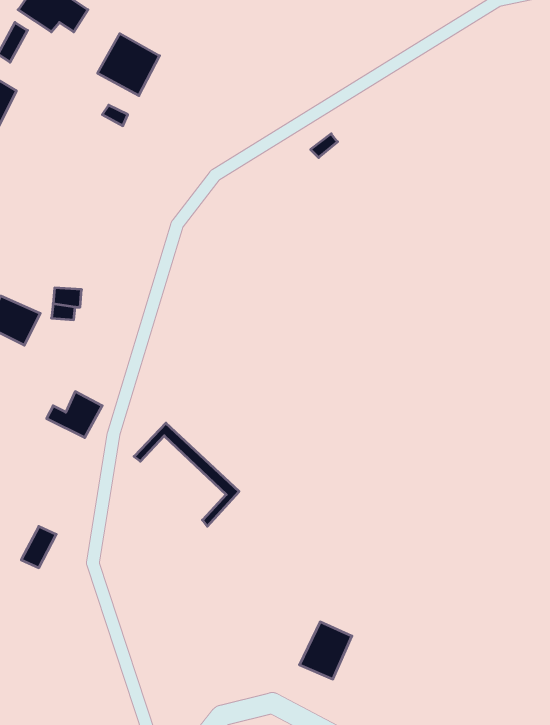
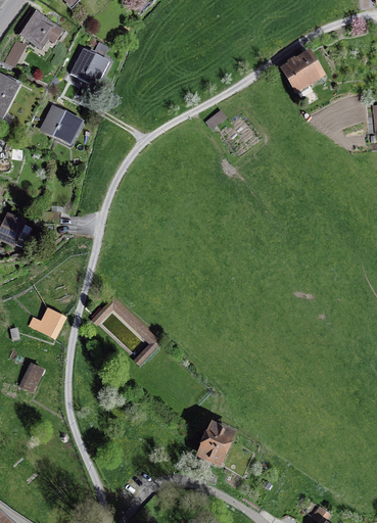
building: none -> [282,52,323,92]
building: none -> [42,106,81,143]
building: [47,392,102,438] -> [30,307,65,337]

